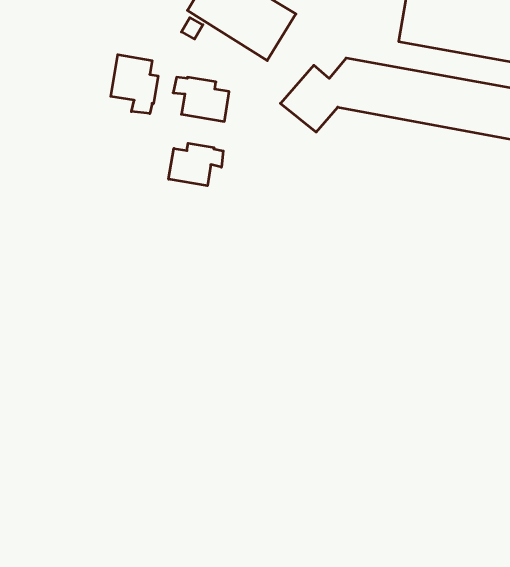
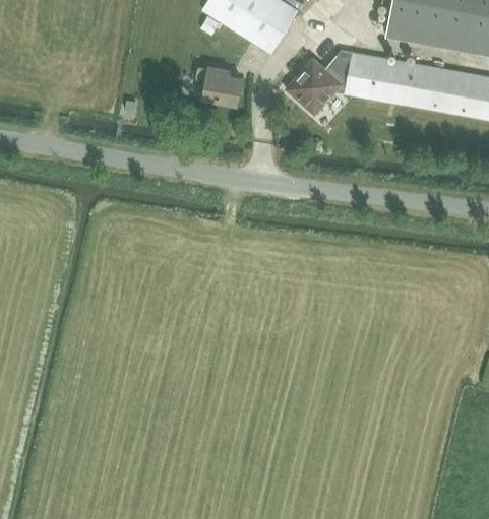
building: [111,55,158,114] -> none
building: [169,143,223,186] -> none

